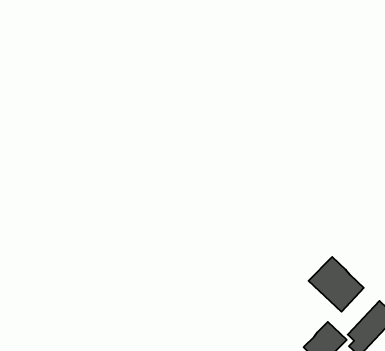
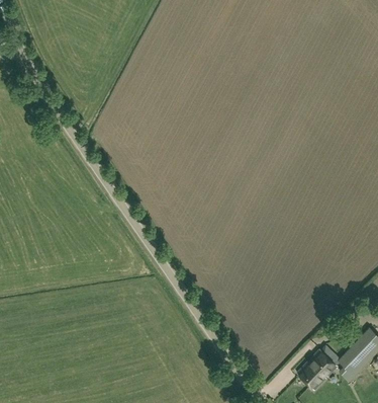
building: [309,257,364,312] -> none

